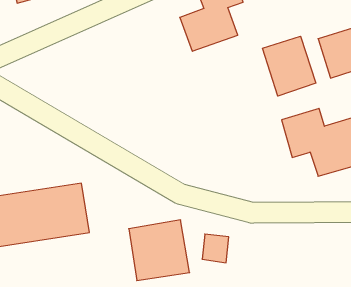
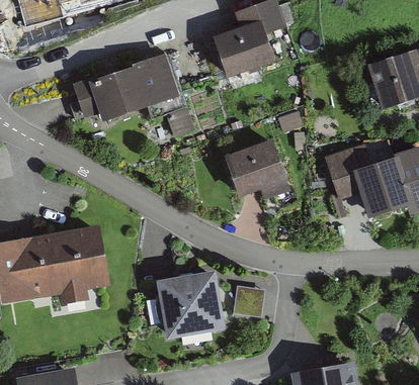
building: none -> [74,57,180,124]
building: [262,36,316,96] -> none
building: none -> [224,141,287,199]

